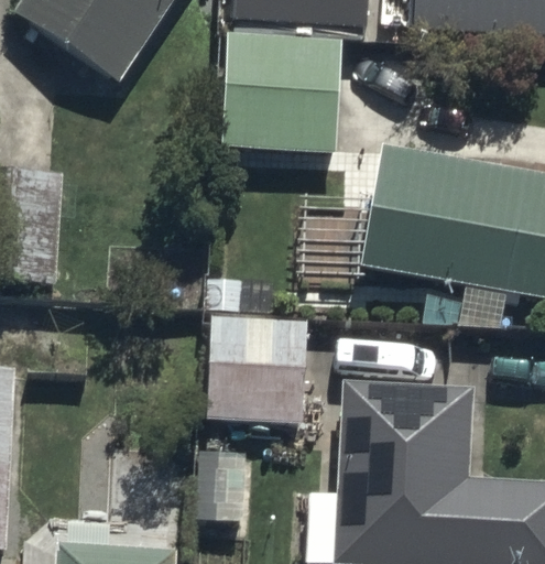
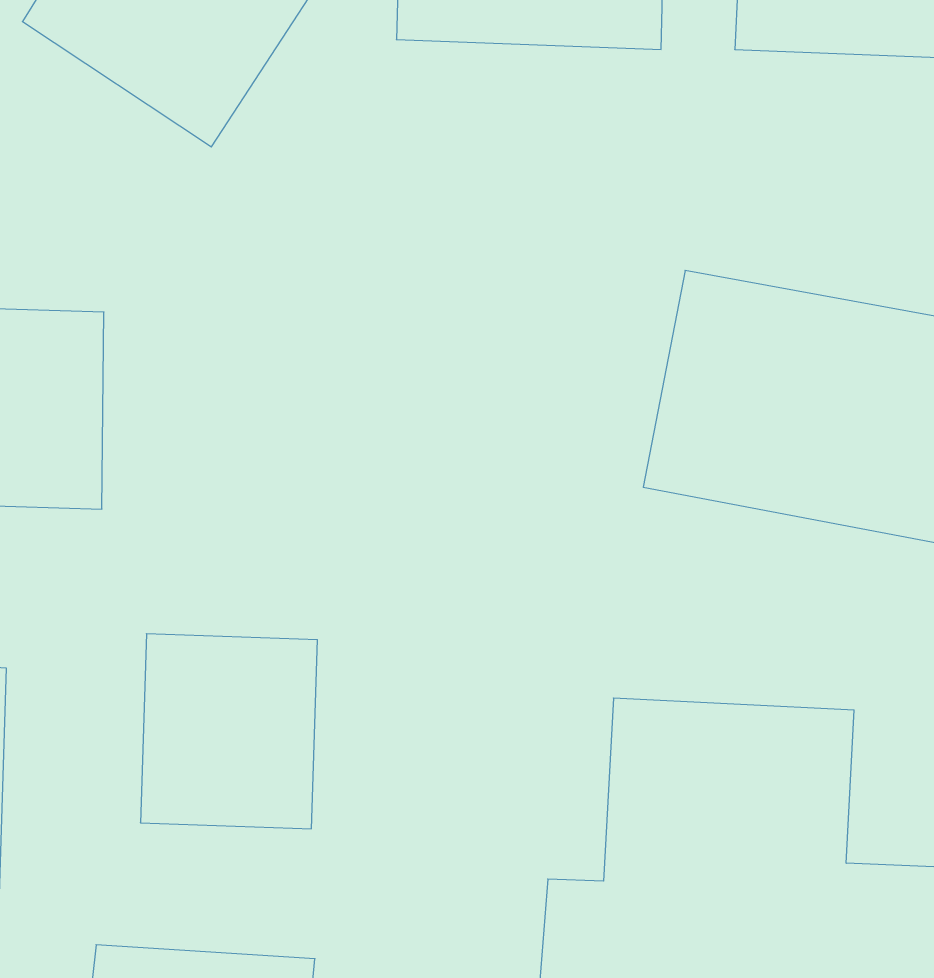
building: [219,35,344,154] -> none
building: [206,316,304,424] -> [140,634,317,829]

